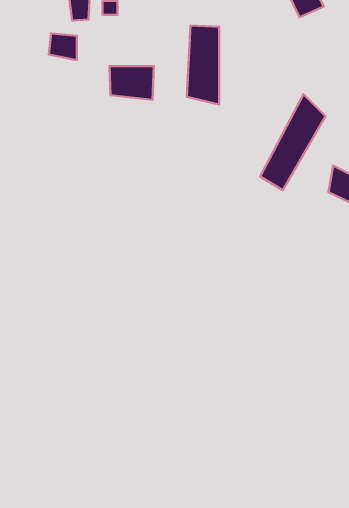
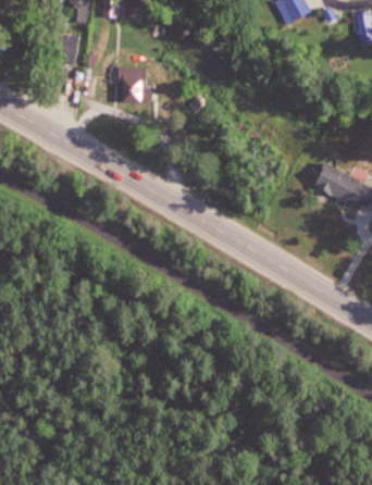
building: [187,25,219,104] -> none
building: [260,94,325,190] -> none

